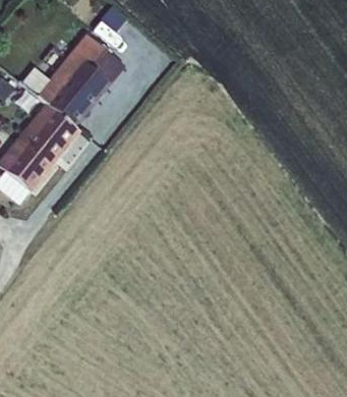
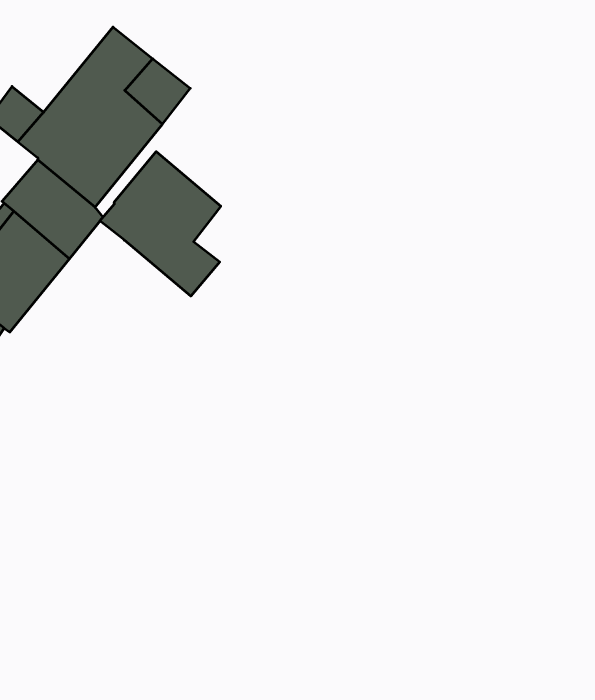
building: none -> [100,152,221,296]

